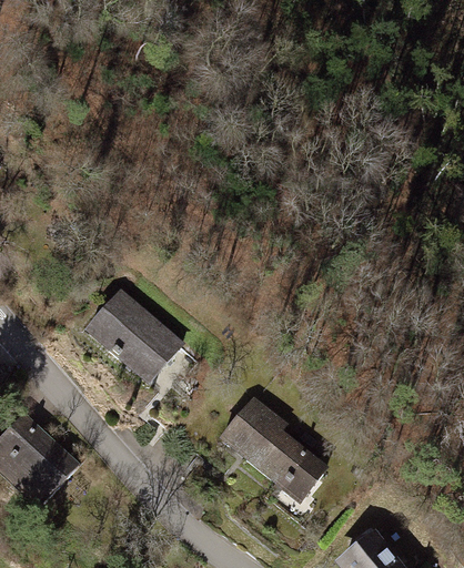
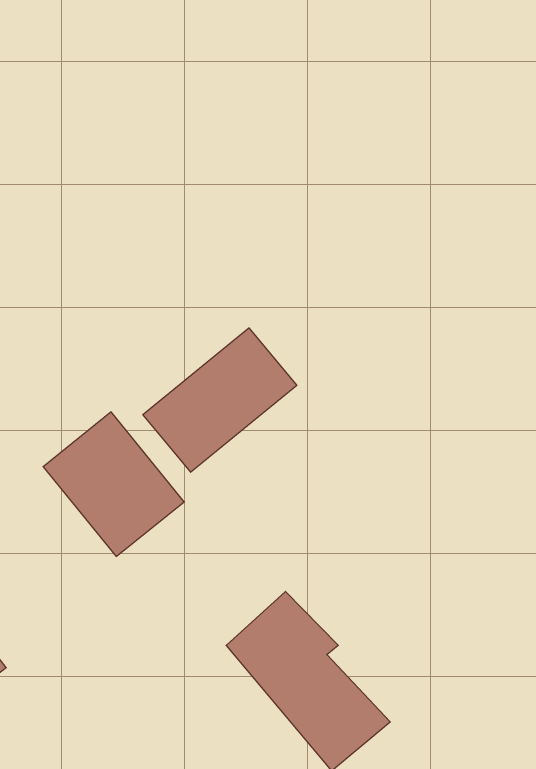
building: none -> [143,328,297,472]

